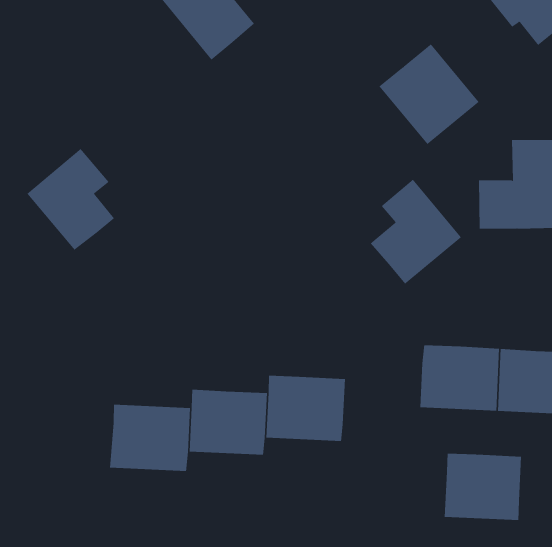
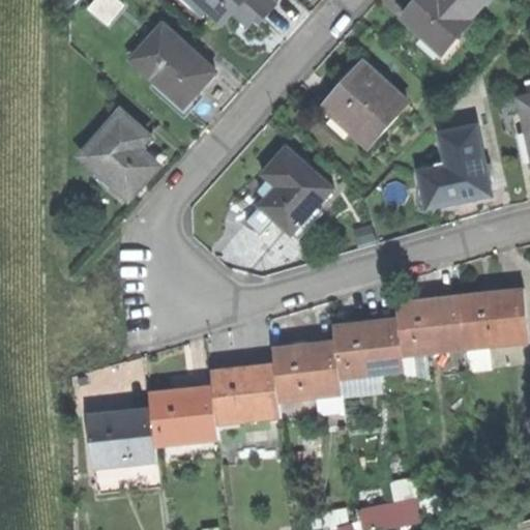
building: [27,148,115,251] -> [80,108,155,193]
building: [370,179,462,285] -> [256,141,330,229]
building: none -> [86,412,154,471]
building: [444,453,522,520] -> [332,322,401,382]

